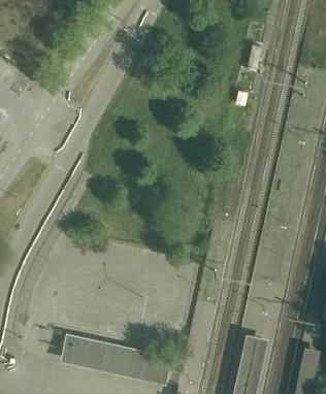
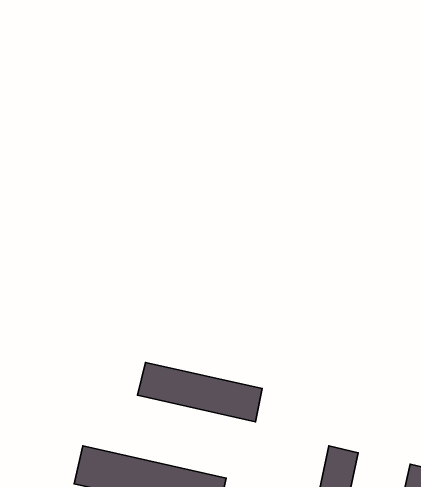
building: none -> [137,362,262,422]

